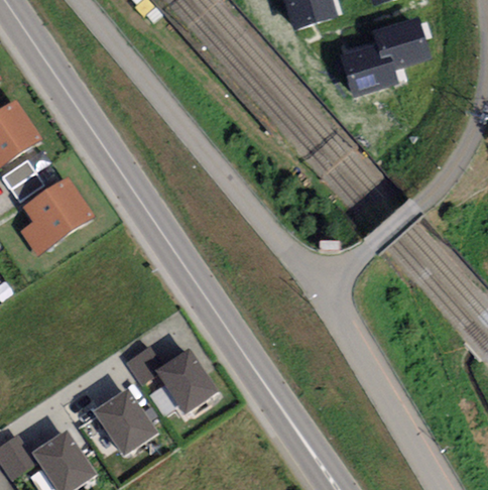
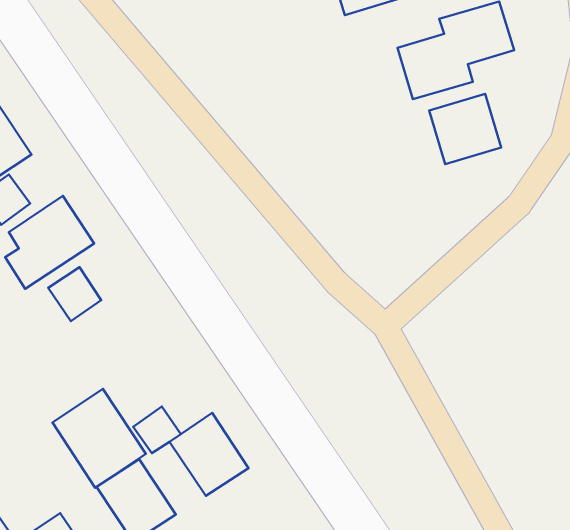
building: none -> [429,94,501,164]
building: none -> [48,267,101,321]
building: none -> [52,389,146,488]

